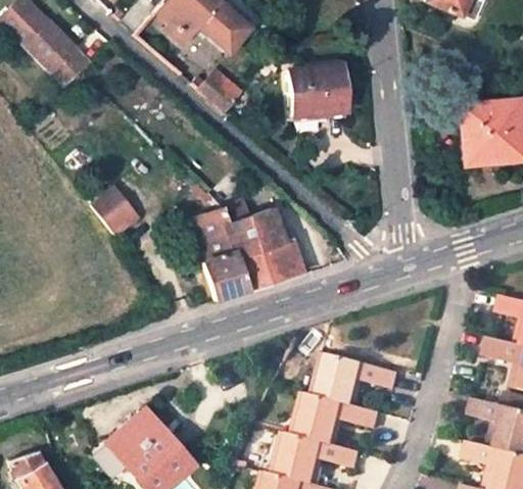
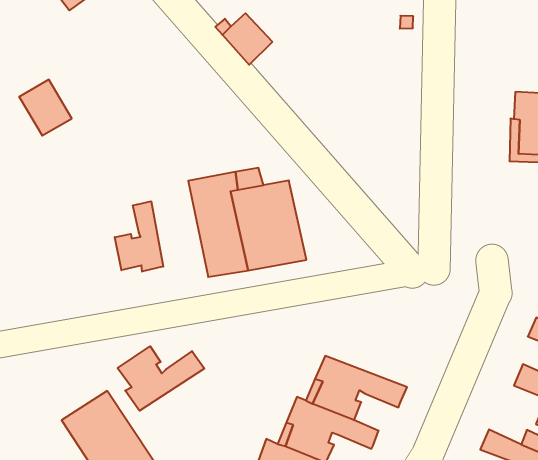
building: [287,63,347,114] -> none
building: [92,184,140,233] -> [19,80,72,136]
building: none -> [115,201,163,272]
building: none -> [118,346,204,411]

